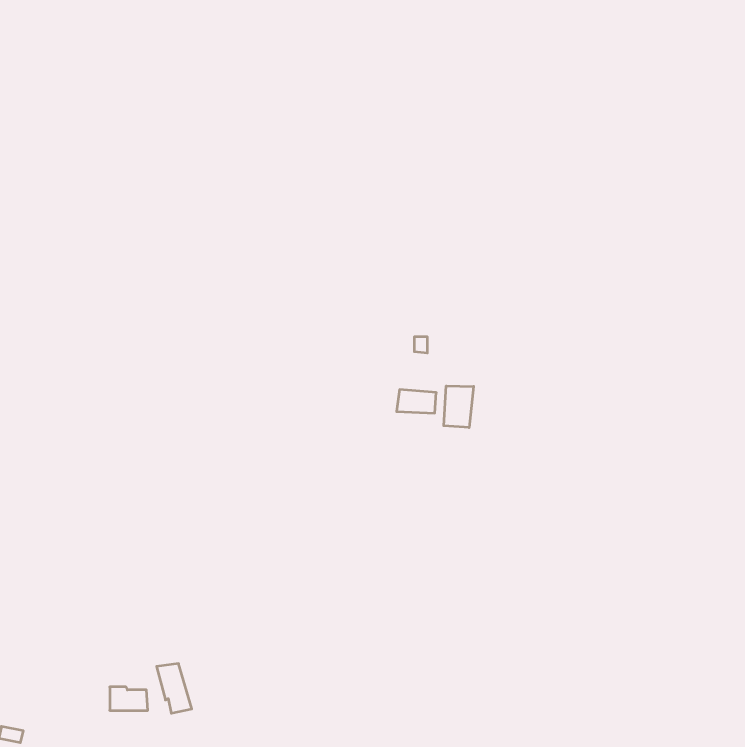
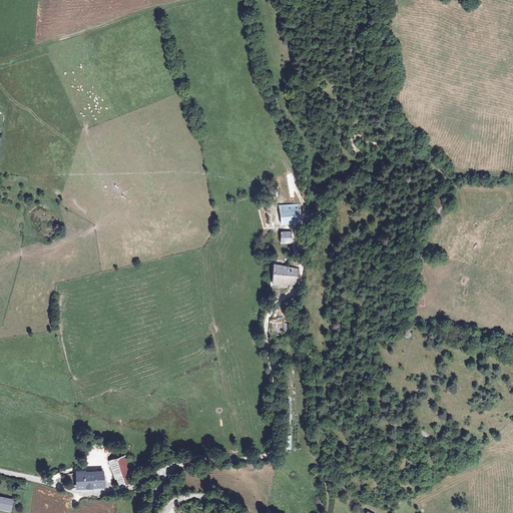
building: none -> [281,205,303,223]
building: [444,386,474,428] -> none

